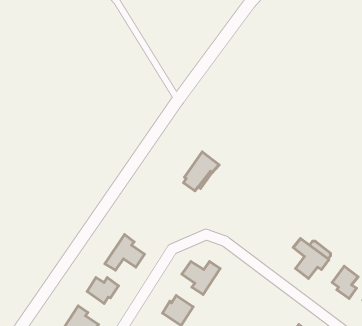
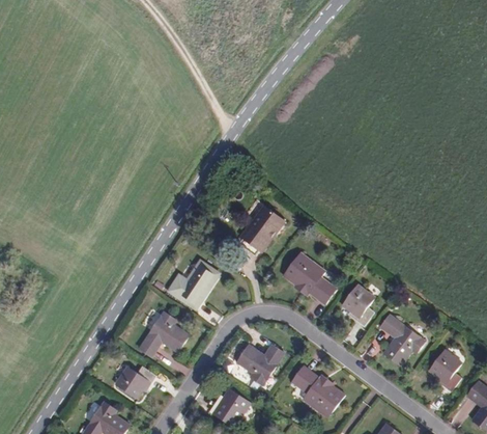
building: none -> [282,250,335,303]
building: none -> [178,260,217,305]
building: none -> [340,283,373,325]
building: none -> [290,365,343,417]

